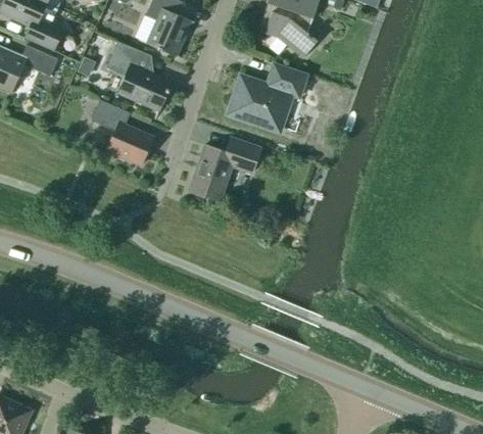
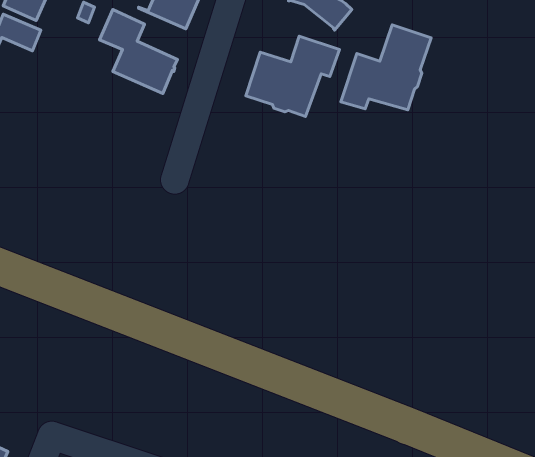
building: none -> [341,25,431,110]
building: [91,100,153,165] -> none
building: [189,137,260,201] -> none

